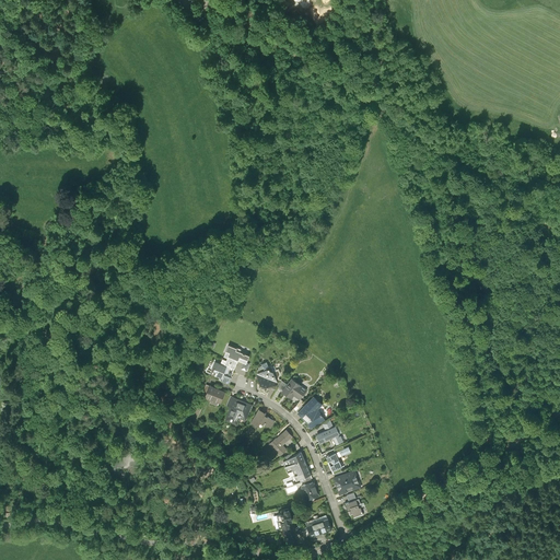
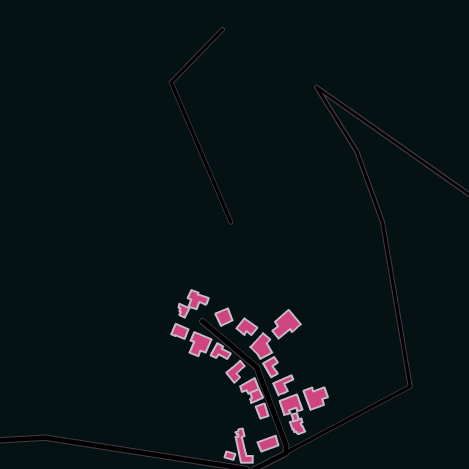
building: none -> [272,310,301,339]
building: none -> [304,387,328,410]

